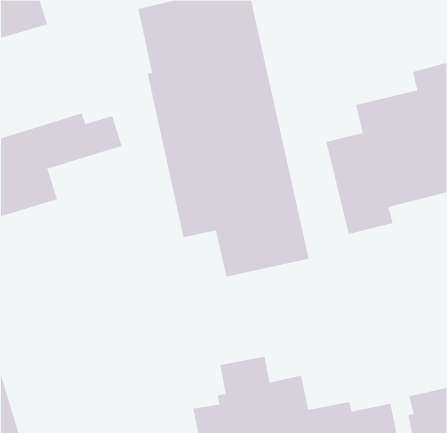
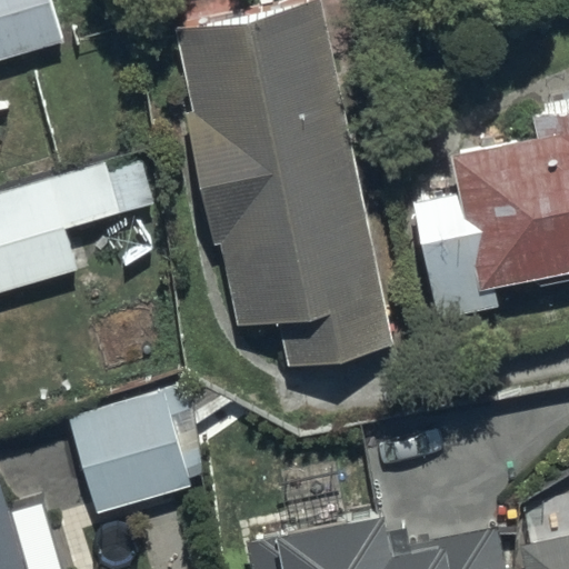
building: none -> [67,385,202,517]

